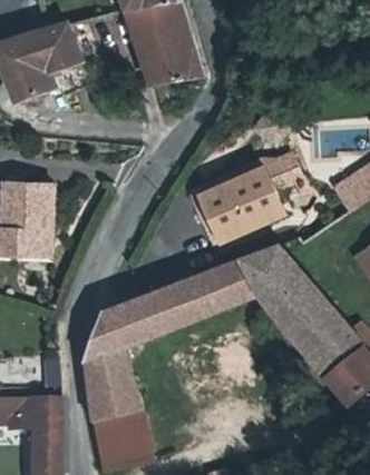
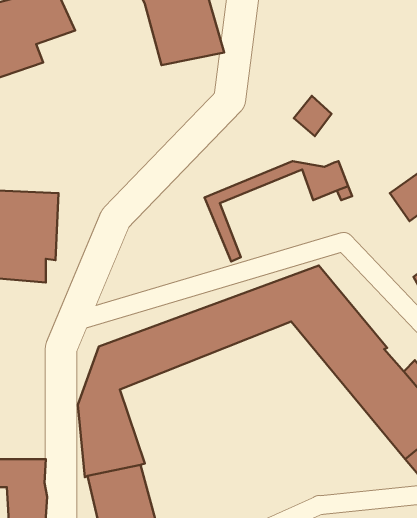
building: [198,170,282,244] -> none

